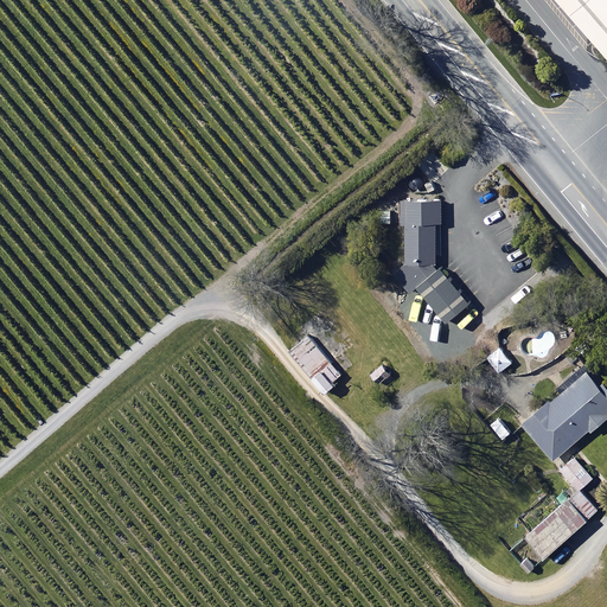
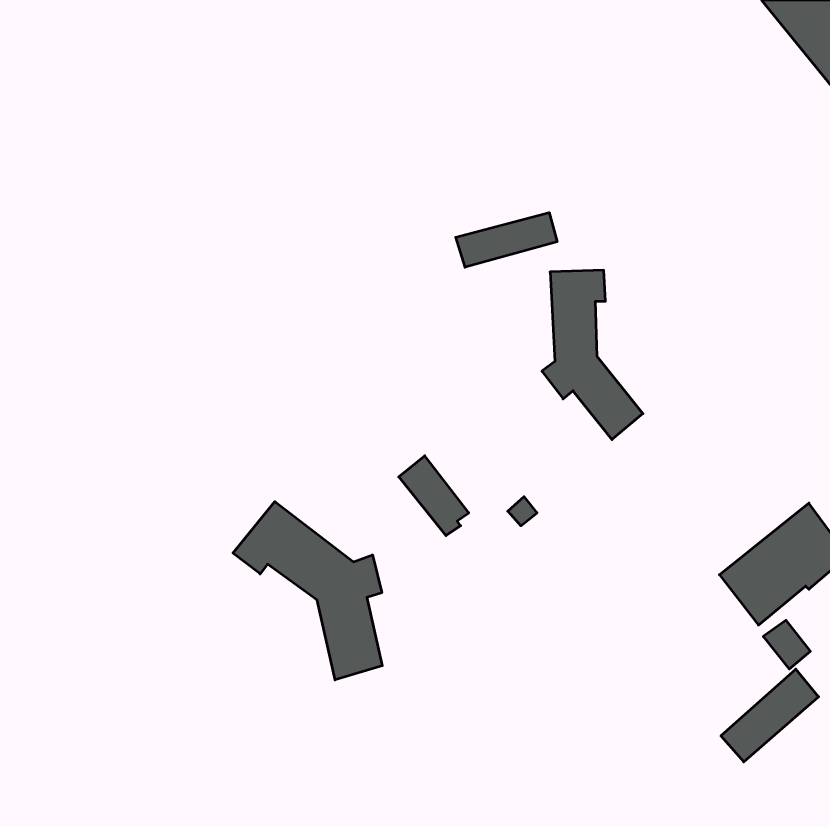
building: none -> [456,213,557,267]
building: none -> [233,502,382,680]

